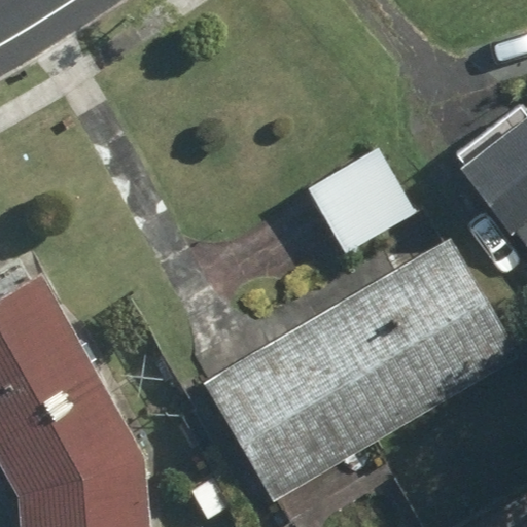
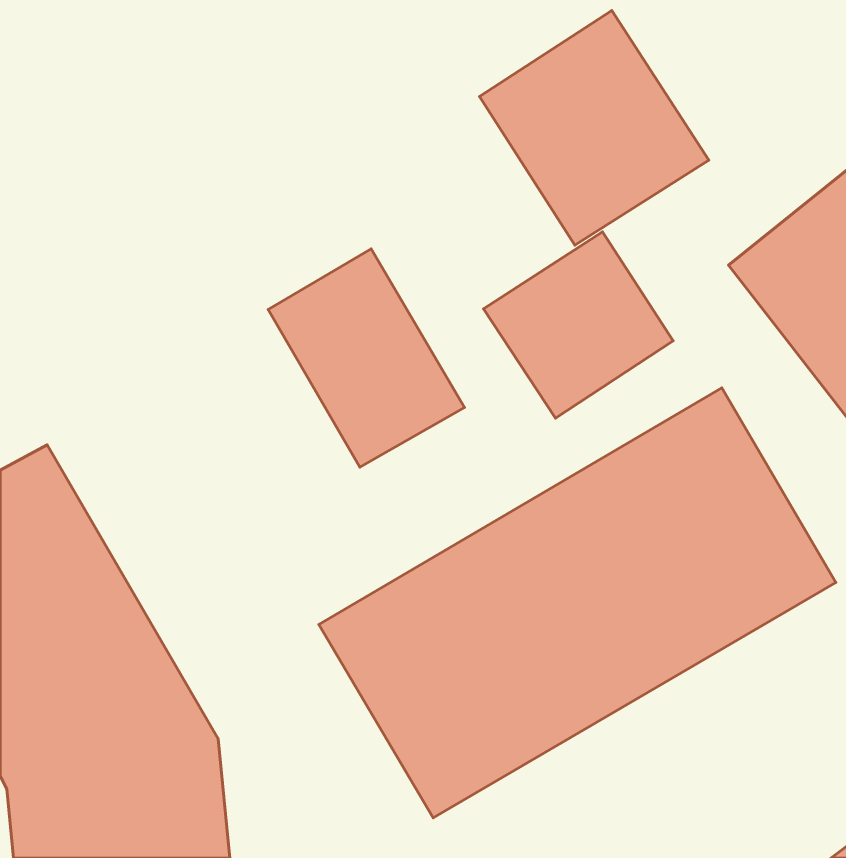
building: none -> [480,10,709,245]
building: none -> [268,249,464,467]

